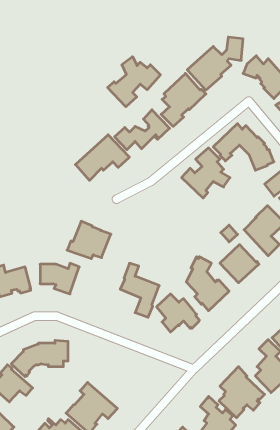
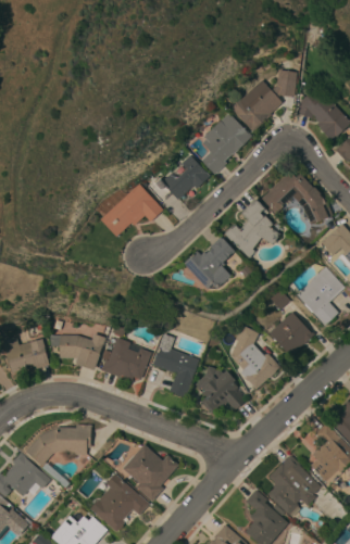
building: [108,57,160,107] -> none
building: none -> [184,236,235,288]
building: [67,221,111,259] -> [100,337,151,380]
building: none -> [122,444,178,501]

